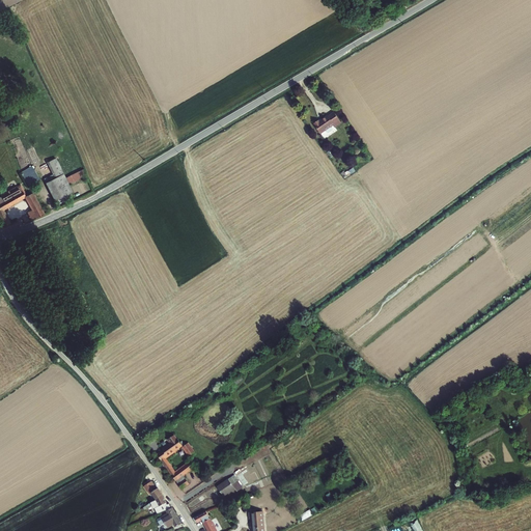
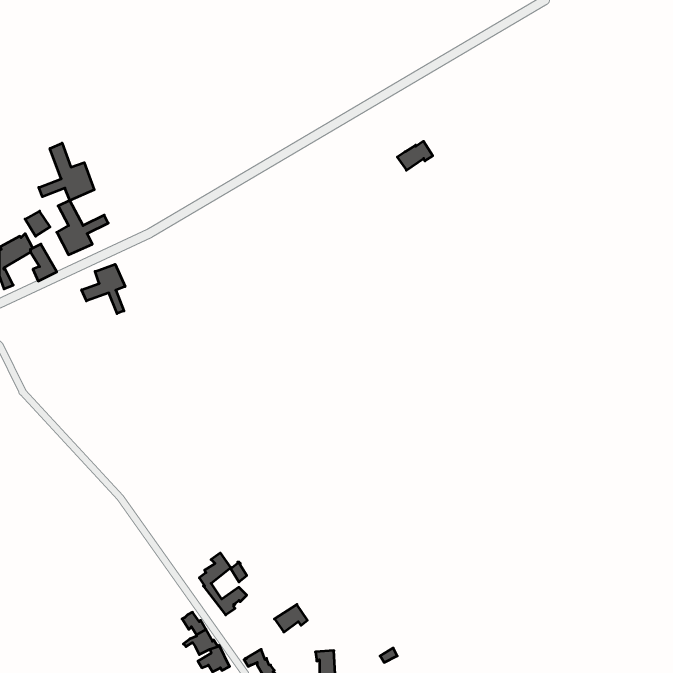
building: none -> [39,143,94,201]
building: none -> [82,264,125,314]

